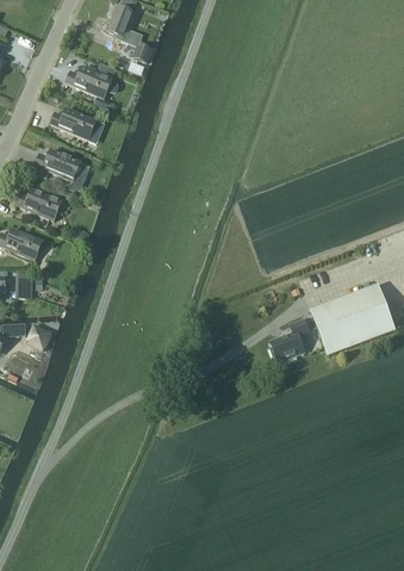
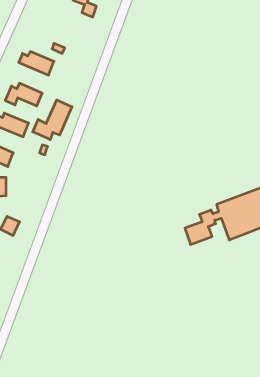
building: [66,66,119,98] -> none
building: none -> [33,100,72,140]

